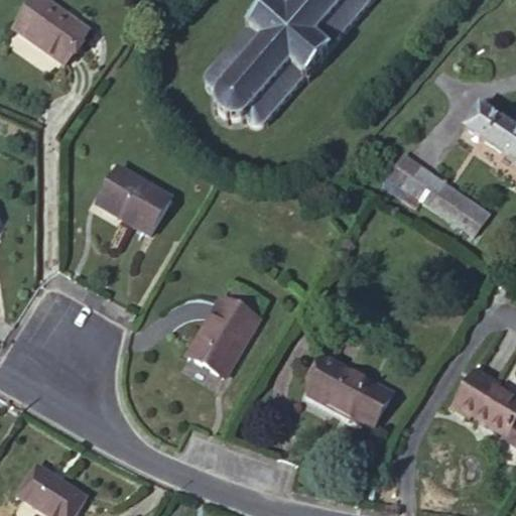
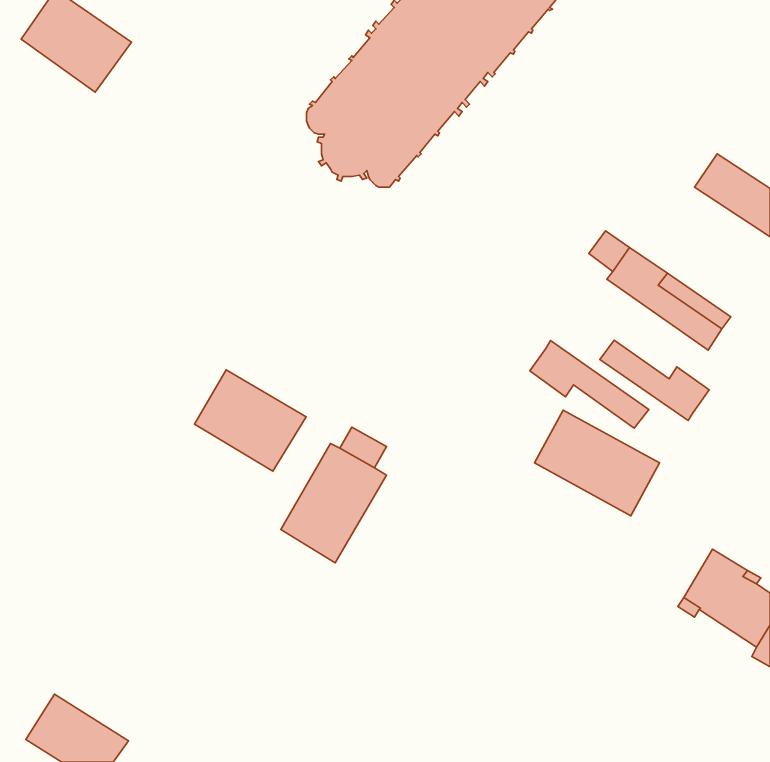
building: [97,165,171,233] -> [194,370,306,471]
building: none -> [600,340,709,421]
building: none -> [530,341,649,428]
building: [307,357,391,427] -> [534,410,660,516]

